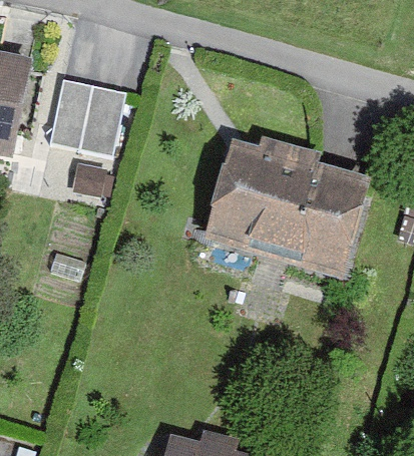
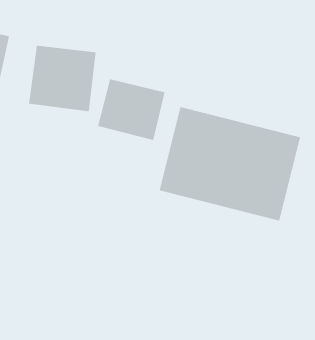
building: none -> [98,79,165,141]

